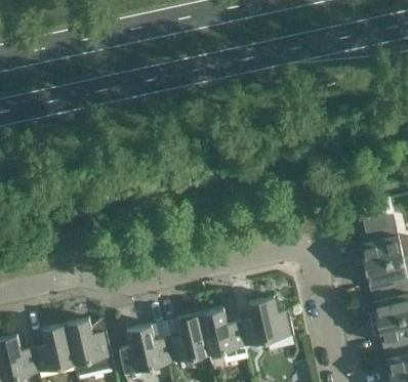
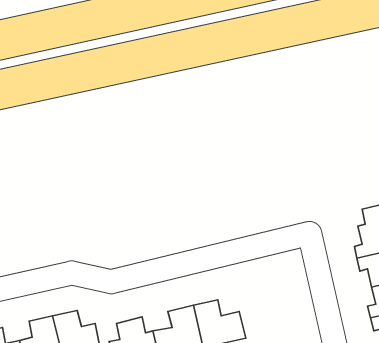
building: [245,297,293,345] -> none

